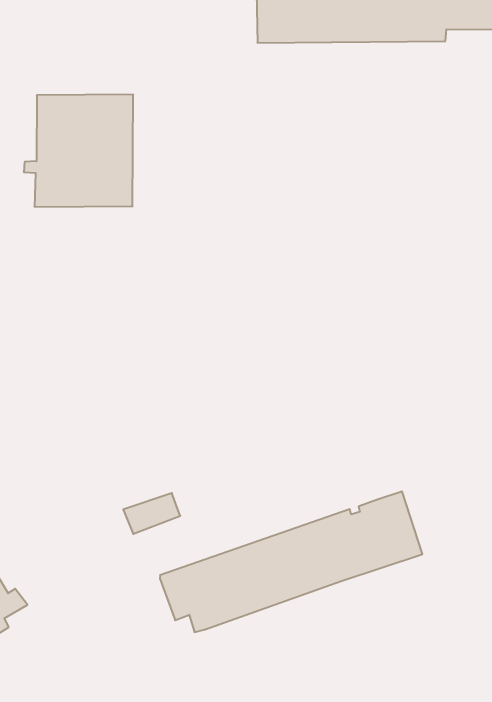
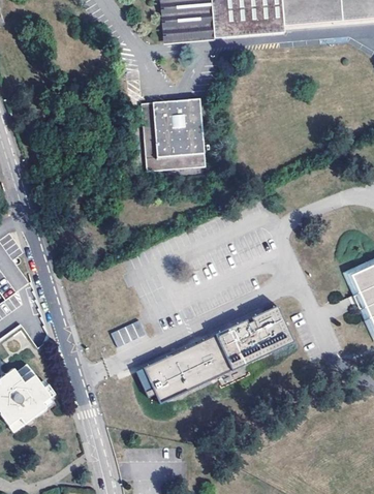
building: [24,95,133,207] -> [136,96,205,169]

